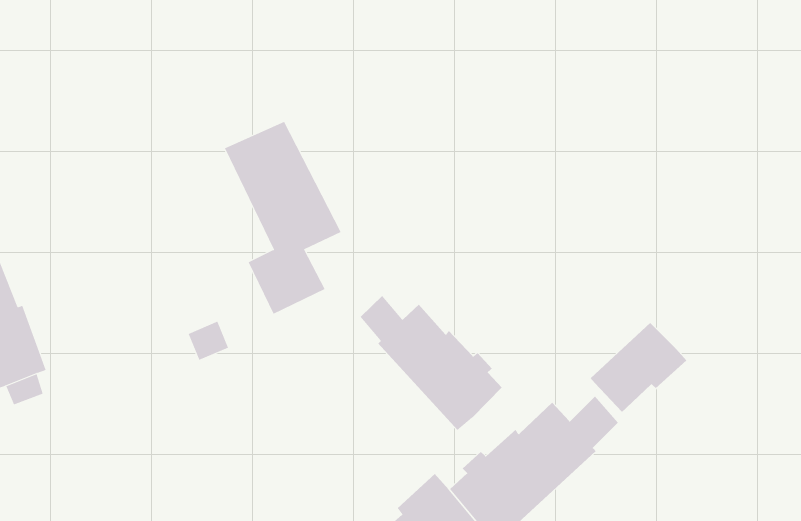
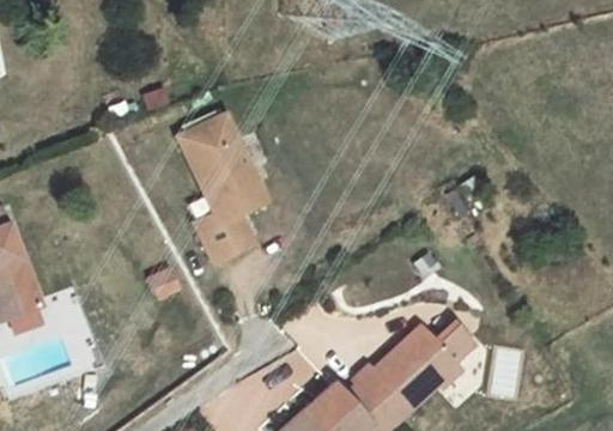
building: [360,295,503,431] -> none
building: [590,322,687,413] -> none

